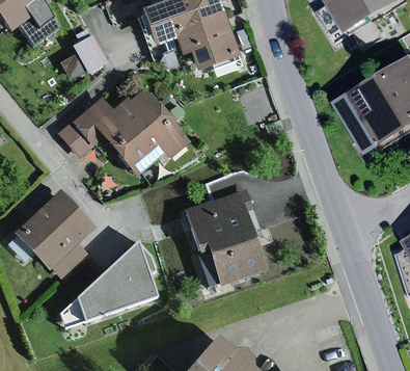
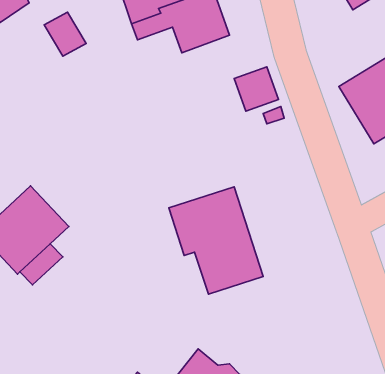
building: [58,91,191,177] -> none
building: [63,241,163,329] -> none

